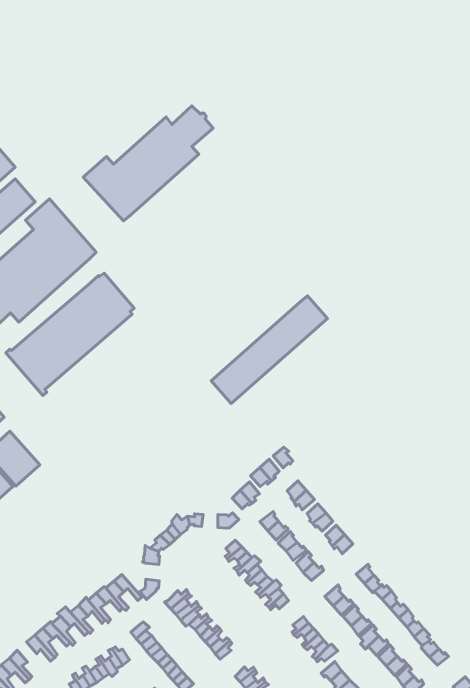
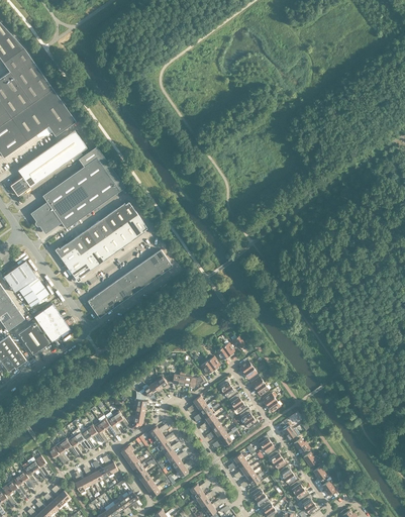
building: [83,106,213,221] -> none
building: [211,296,327,403] -> [87,249,172,318]

